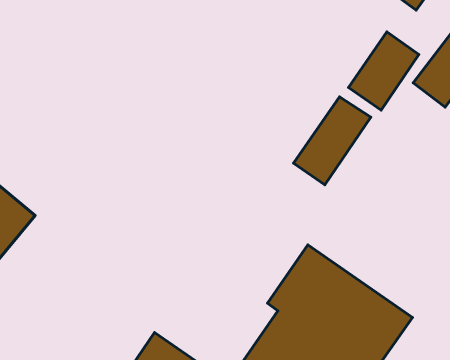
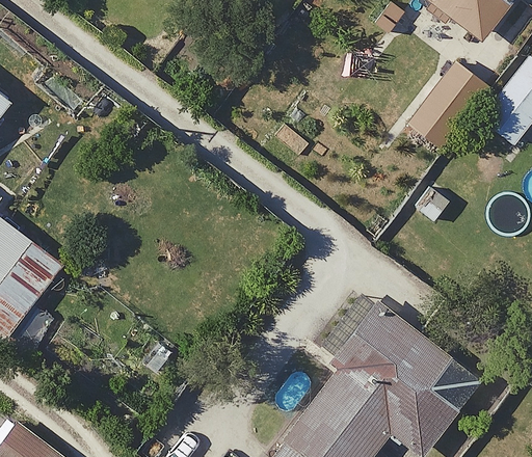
building: [294,97,371,185] -> none

